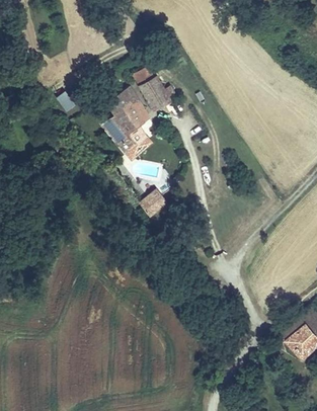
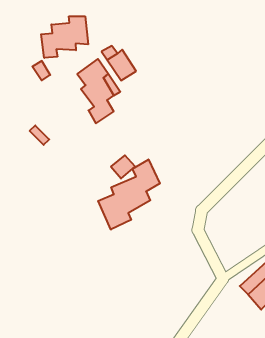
building: none -> [41,16,88,58]
building: none -> [98,159,160,230]

